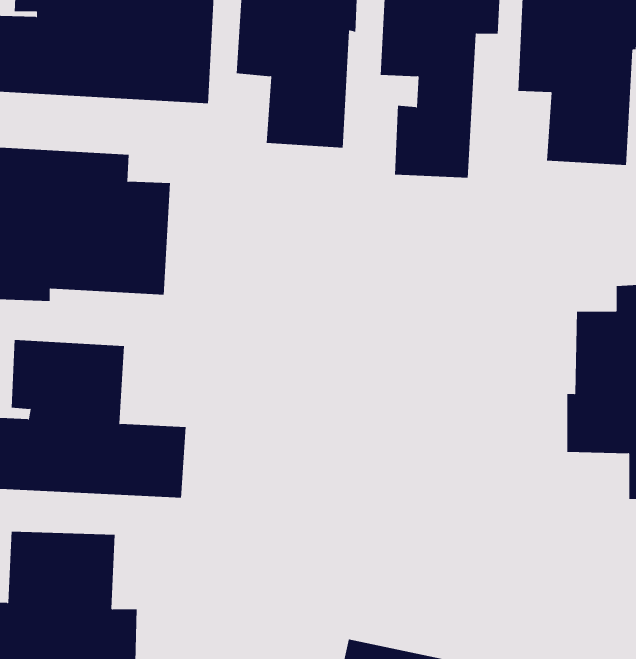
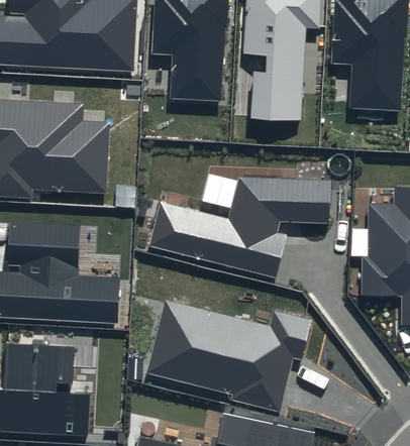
building: none -> [148,177,331,277]
building: none -> [146,299,314,412]

